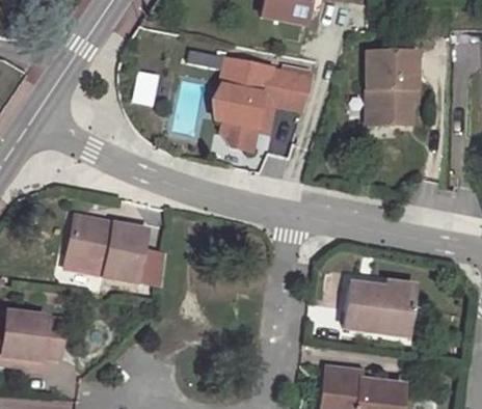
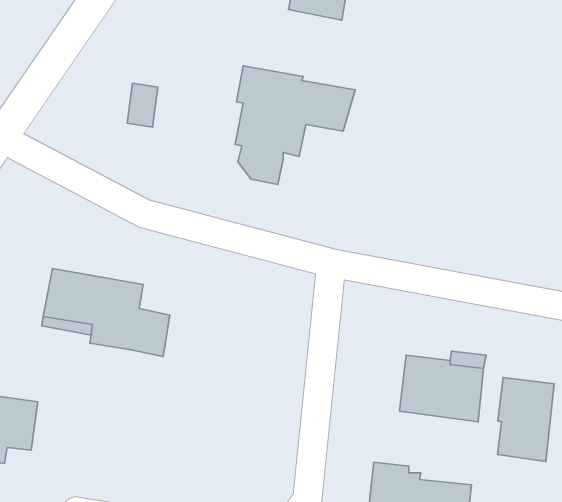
building: [366,50,417,122] -> none
building: none -> [497,377,554,462]

